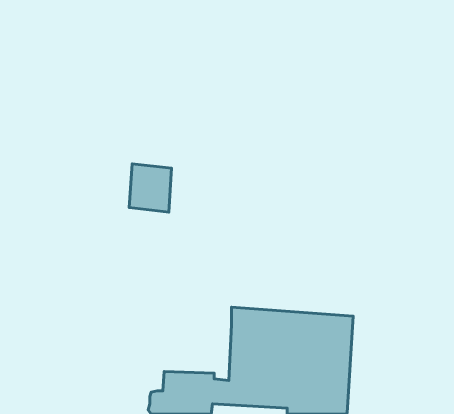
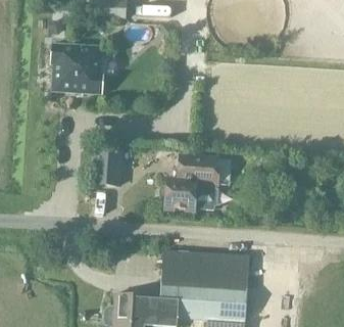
building: none -> [50,41,106,96]
building: none -> [158,160,220,215]

